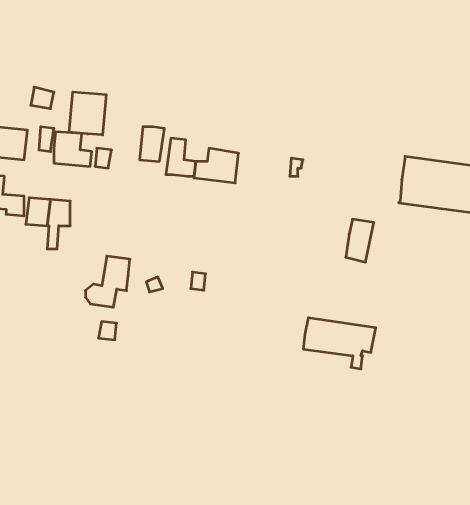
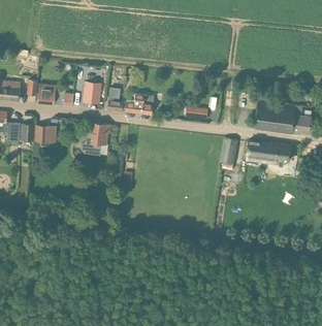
building: [69,92,106,135] -> none
building: [85,256,130,307] -> [81,123,108,155]
building: [303,318,376,369] -> [246,140,291,172]

